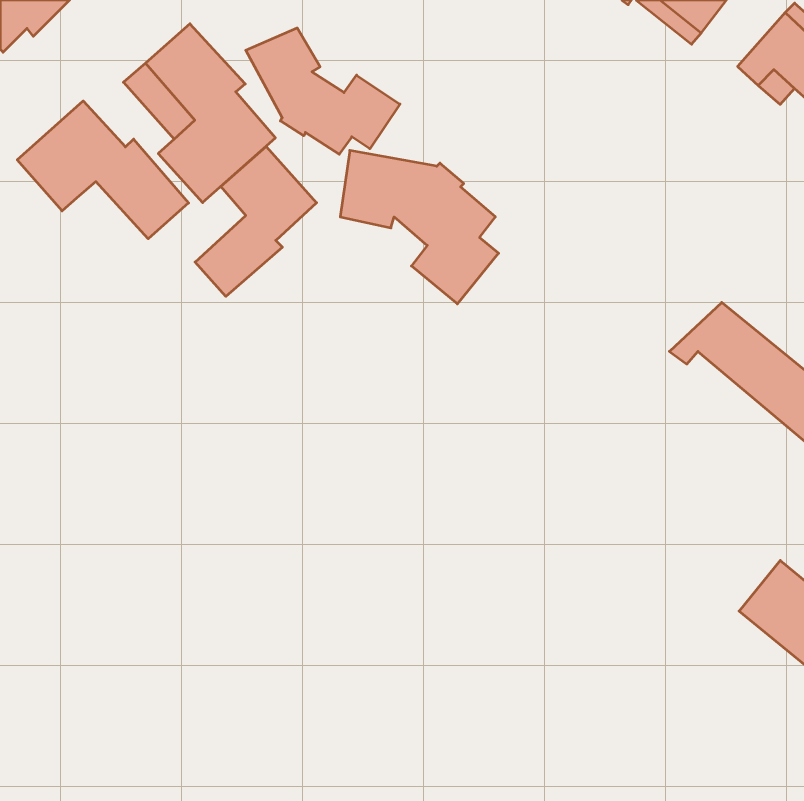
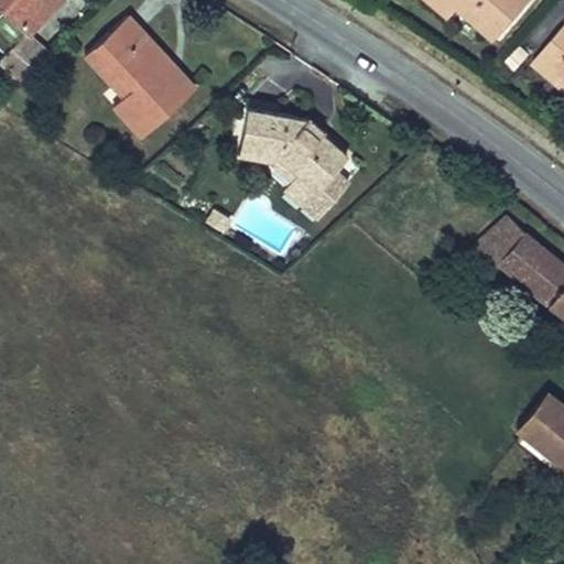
building: [246,28,400,154] -> none
building: [17,101,189,239] -> none
building: [195,146,317,296] -> none

